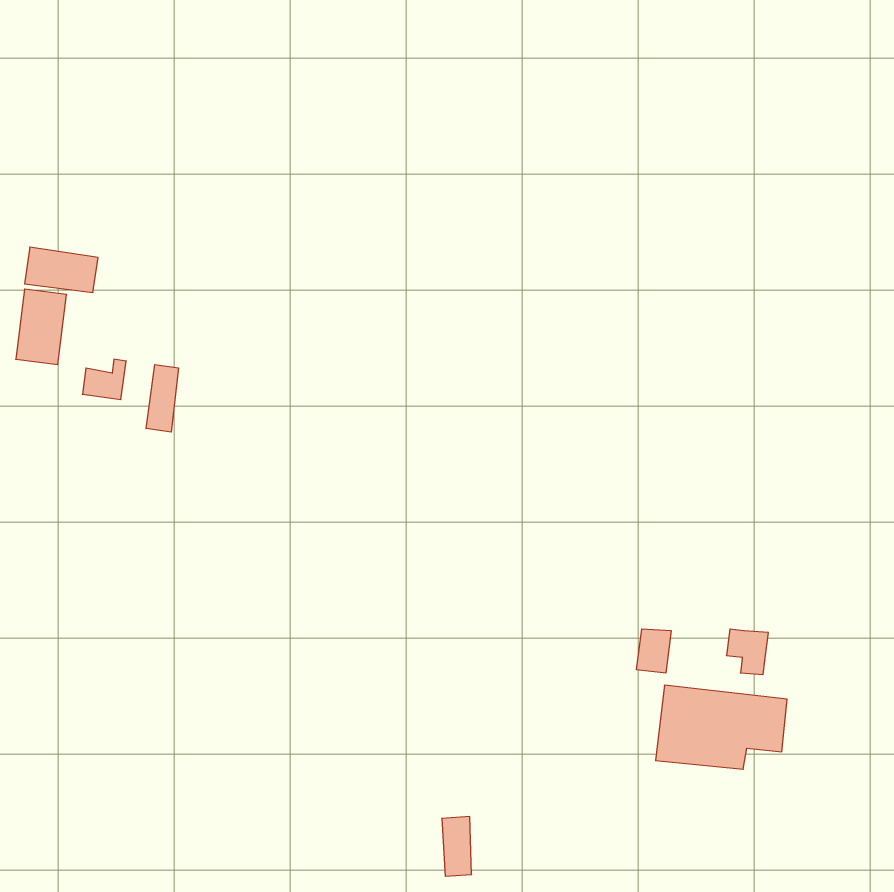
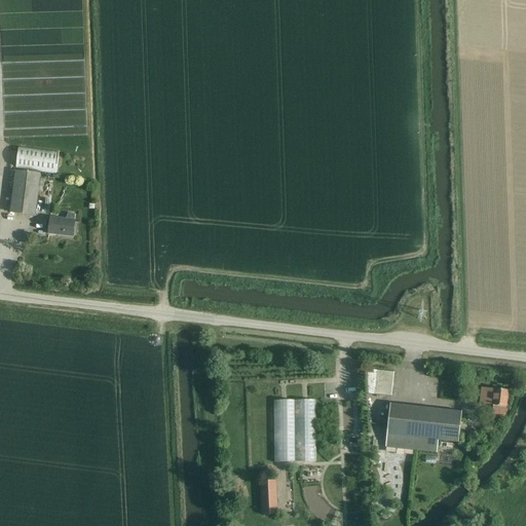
building: [146,365,178,432] -> none
building: [726,629,768,675] -> [483,386,508,413]
building: none -> [272,399,315,459]

